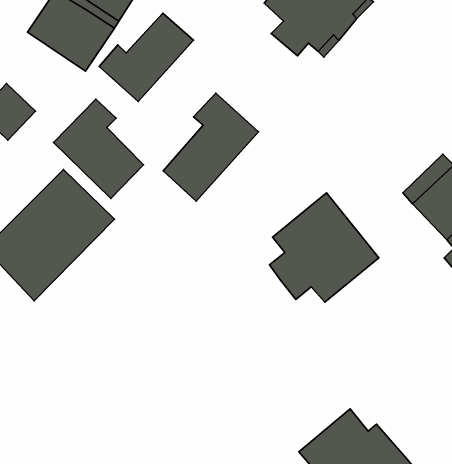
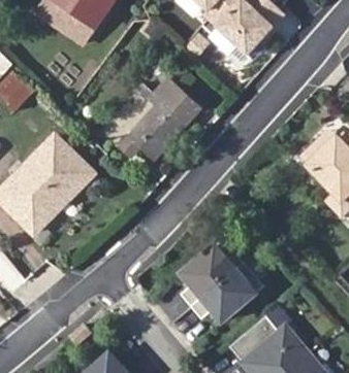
building: [99,13,193,102] -> none
building: [54,99,144,199] -> none
building: [270,193,379,302] -> [183,239,264,320]

